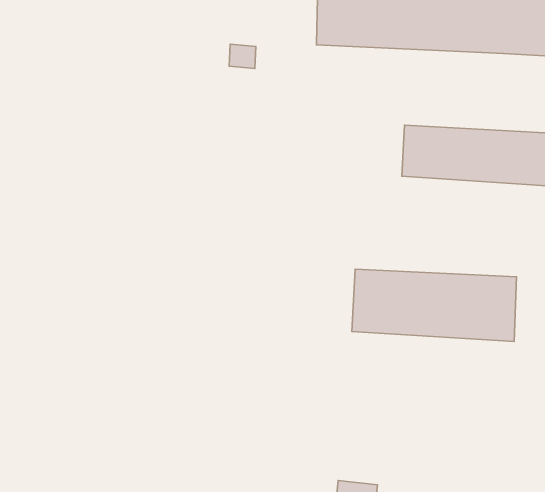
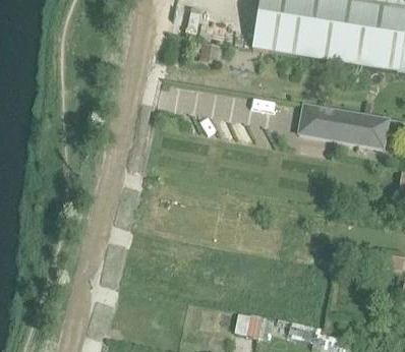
building: [352,269,516,342] -> none

